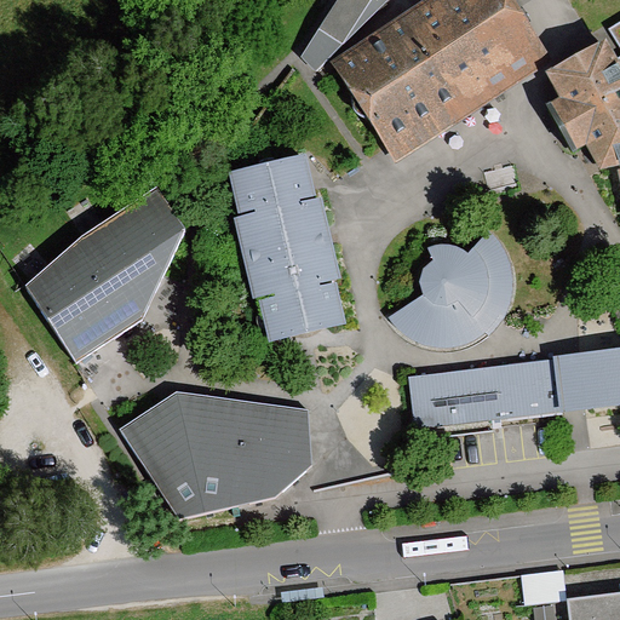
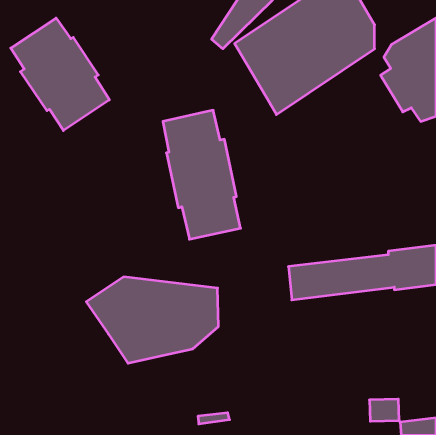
building: none -> [11,18,109,131]
building: [27,188,182,360] -> none
building: [389,229,512,345] -> none

